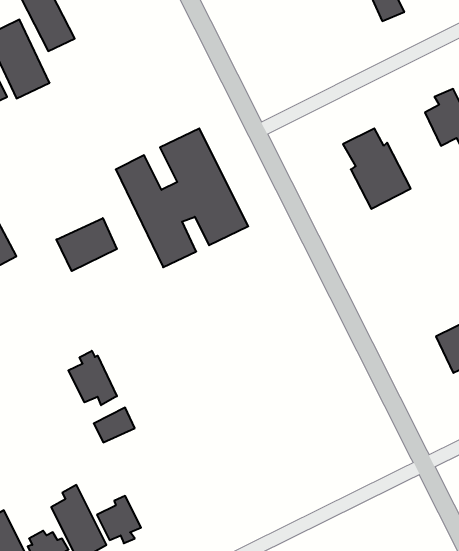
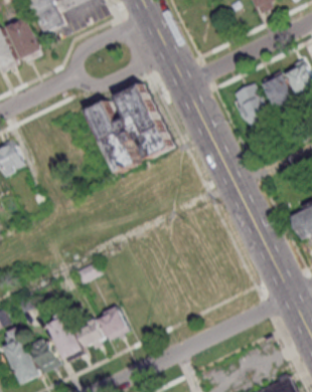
building: none -> [261,72,293,112]
building: [56,218,117,271] -> none
building: [68,351,117,405] -> none
building: none -> [97,307,127,341]

